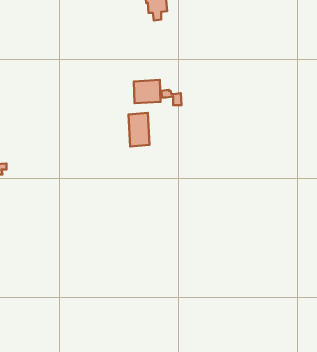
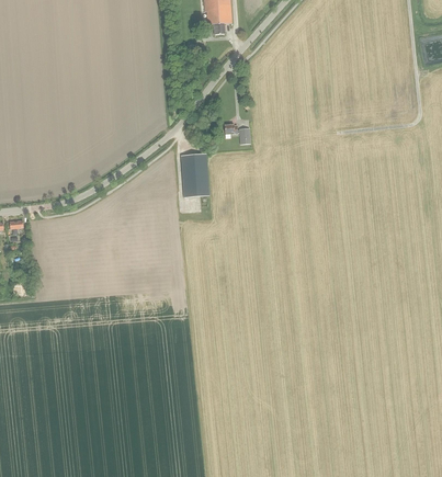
building: [134,80,161,103] -> none

